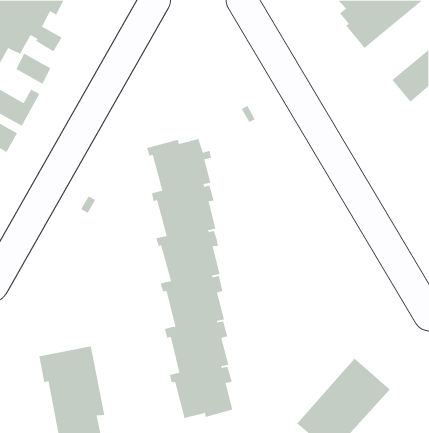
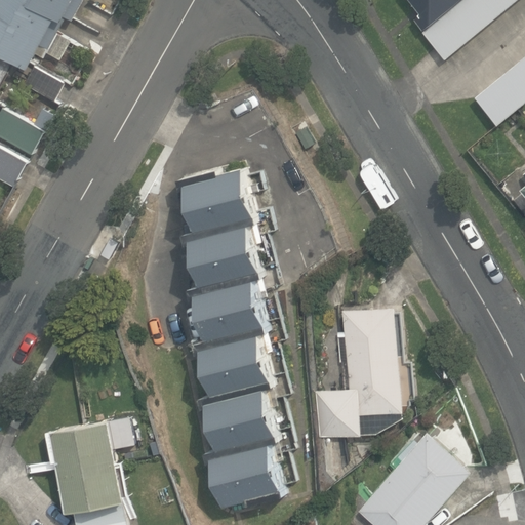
building: none -> [311,309,400,438]

